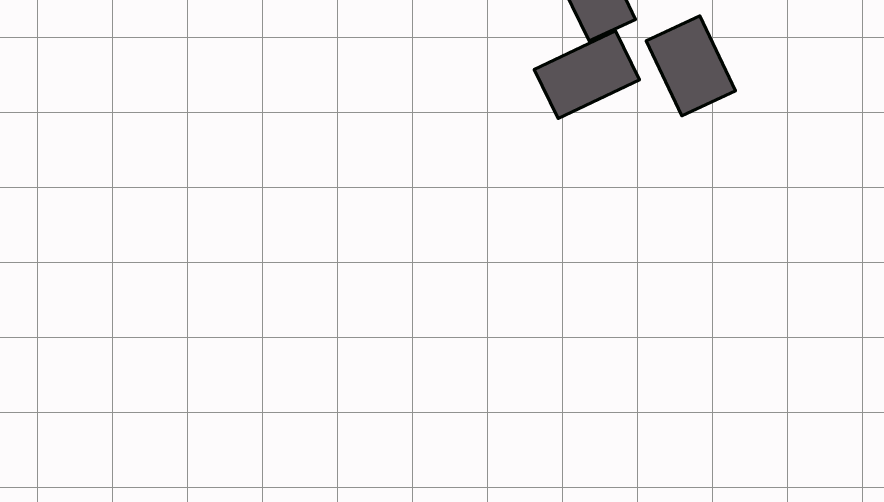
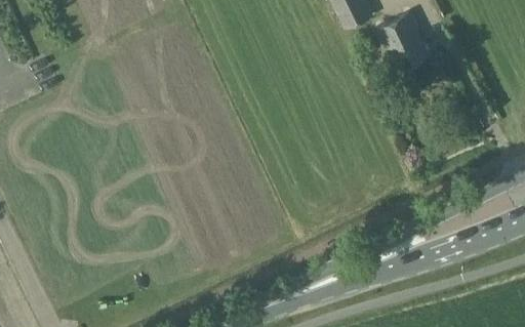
building: [534,31,639,119] -> none

